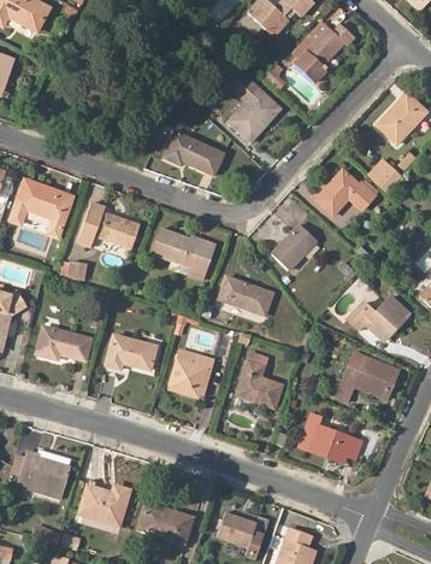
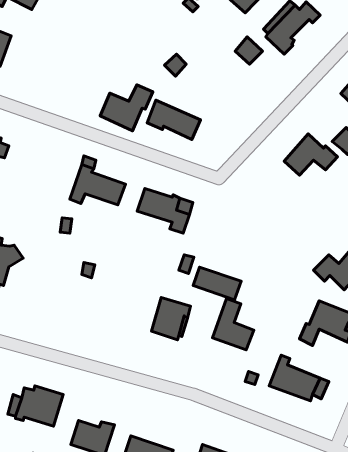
building: [229,74,279,140] -> none
building: none -> [100,85,153,131]
building: [10,181,71,239] -> none
building: [272,223,317,270] -> none
building: [219,277,272,313] -> [193,267,241,300]
building: [36,328,89,359] -> none
building: [106,336,155,369] -> none

